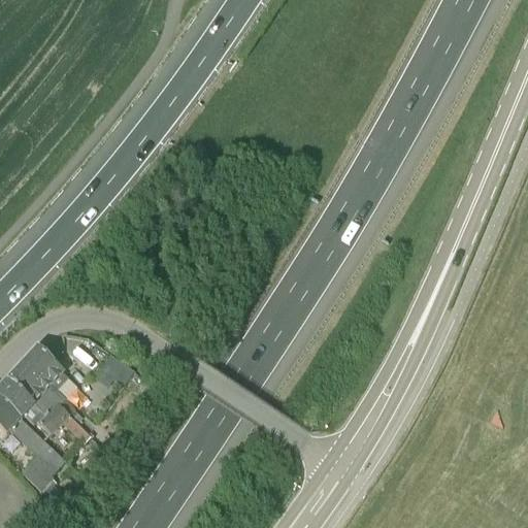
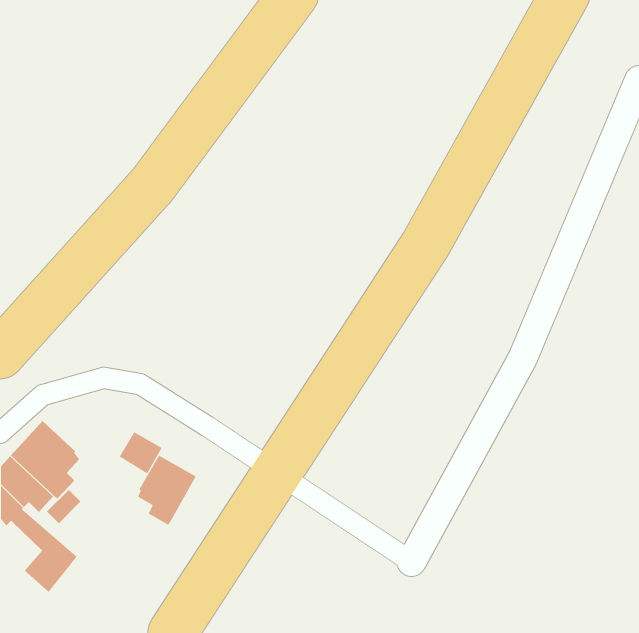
building: none -> [138,455,196,525]

